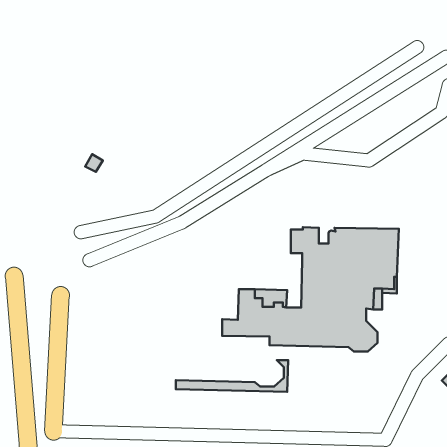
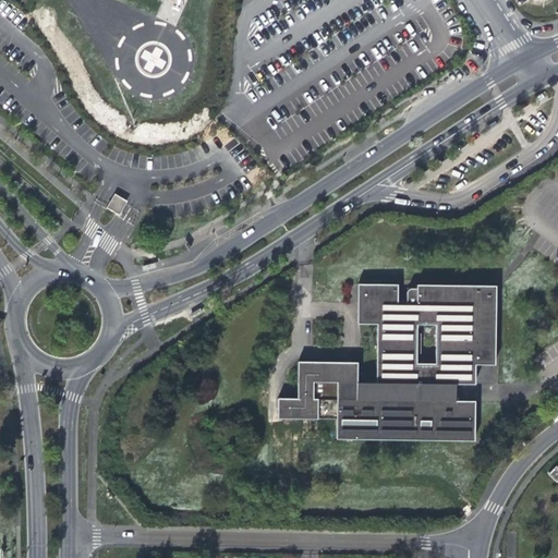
building: [176,360,288,392] -> [337,404,476,444]

